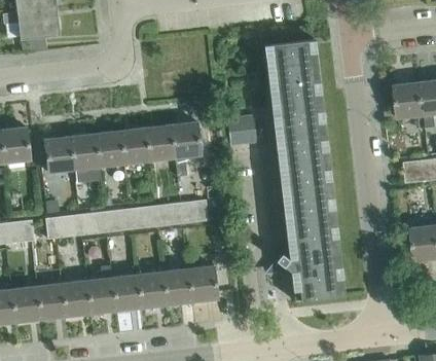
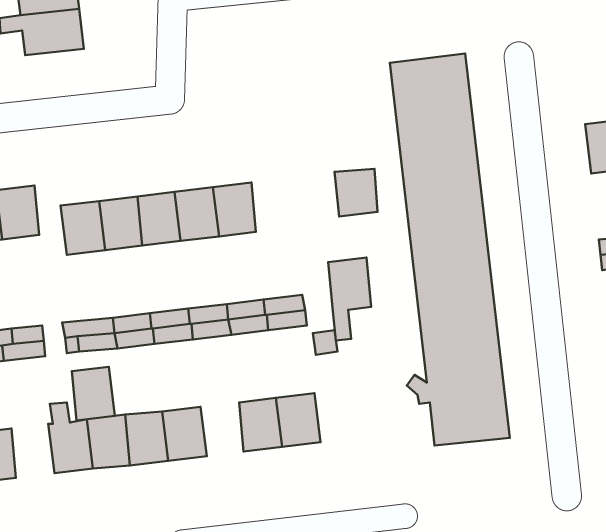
building: [171,121,199,177] -> [328,257,371,340]
building: [137,272,166,308] -> none
building: [10,286,39,322] -> [72,367,115,421]

